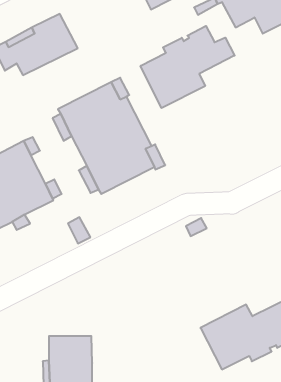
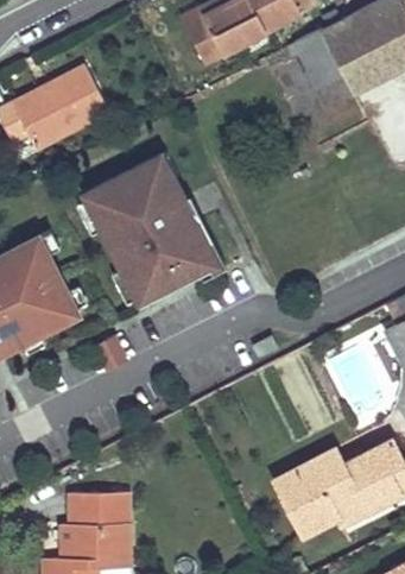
building: [141,26,235,108] -> none

